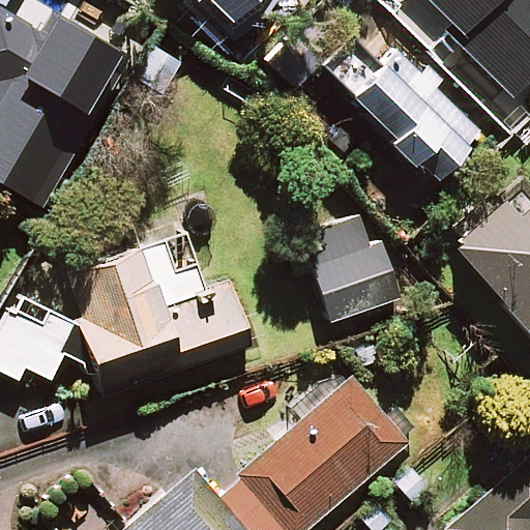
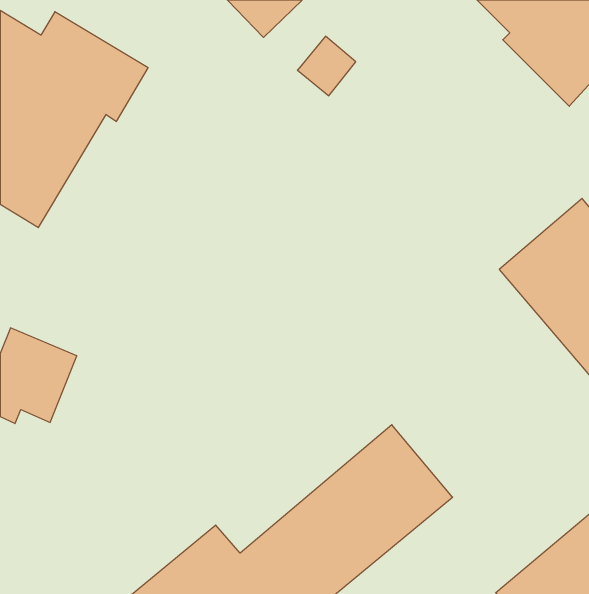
building: [325,46,478,180] -> none
building: [305,219,399,321] -> none
building: [63,232,248,394] -> none

